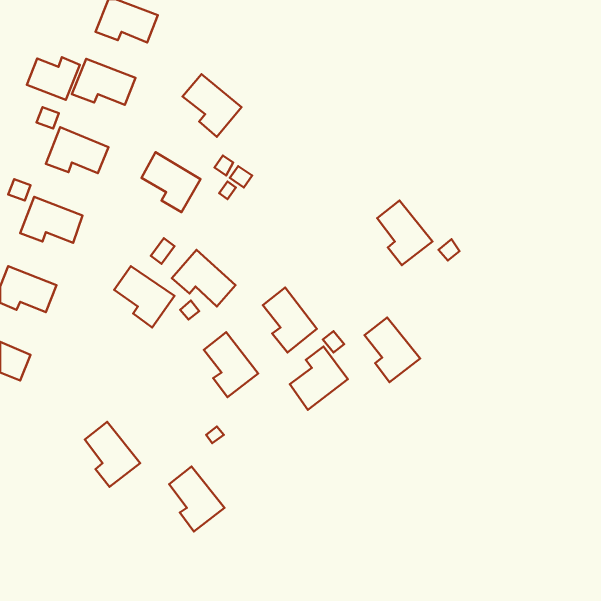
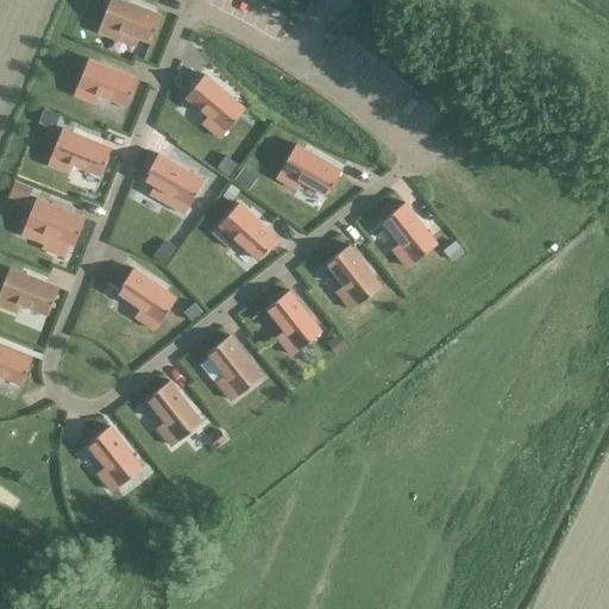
building: [27,57,80,100] -> none
building: none -> [276,145,341,196]
building: [172,250,236,306] -> [213,203,277,260]
building: [365,317,420,382] -> [326,245,382,310]
building: [290,346,348,410] -> none
building: [169,467,224,531] -> [146,381,202,446]

